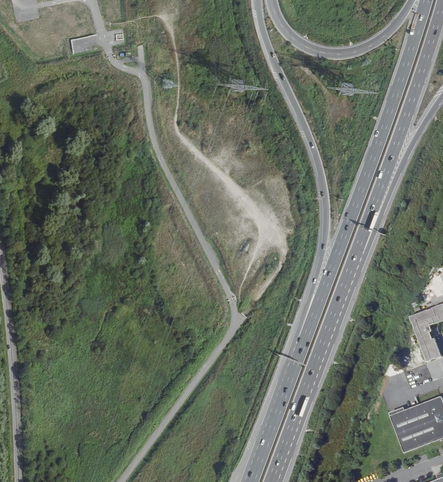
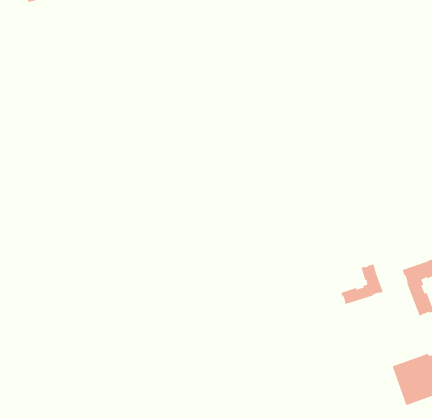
building: none -> [341,263,384,305]

